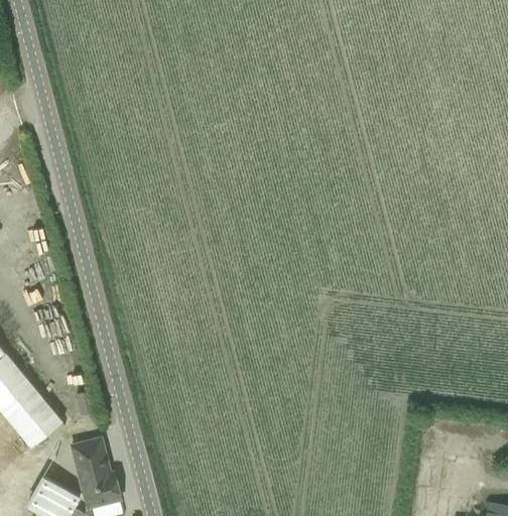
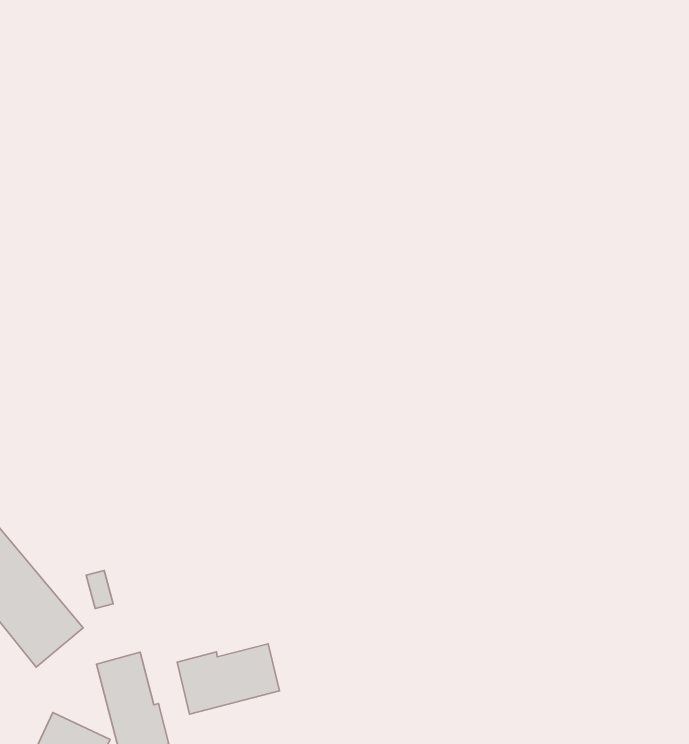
building: none -> [177,644,280,714]

